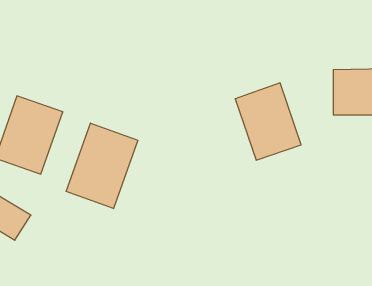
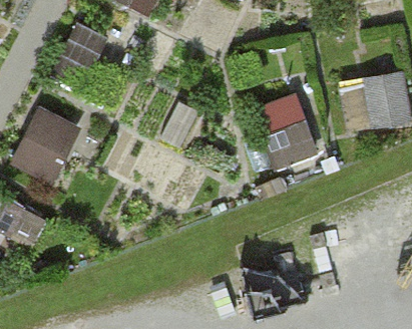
building: [66,123,138,209] -> none

